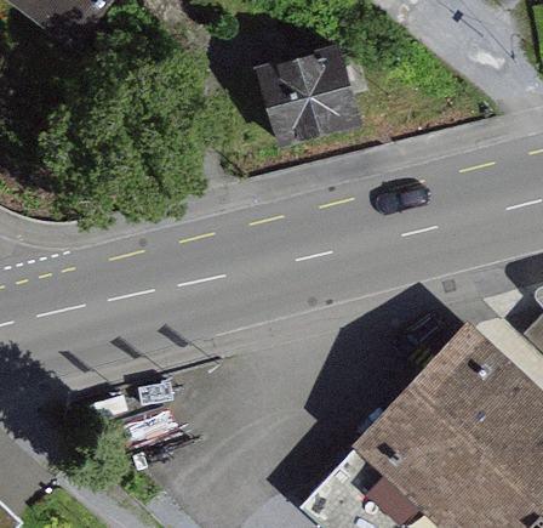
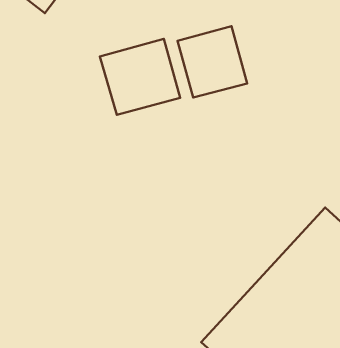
building: none -> [100,39,180,115]

